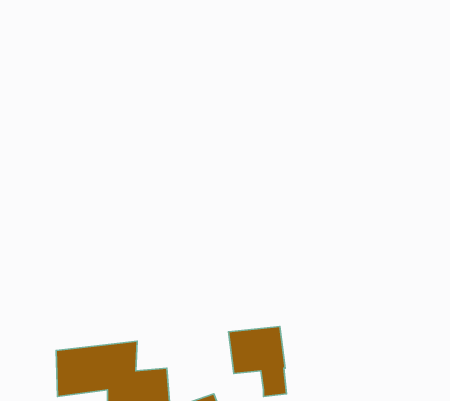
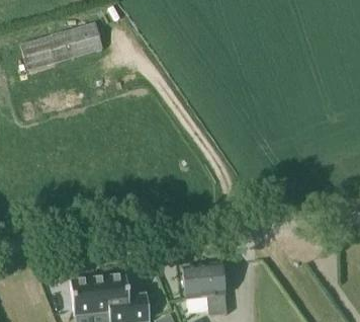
building: none -> [20,22,102,69]

